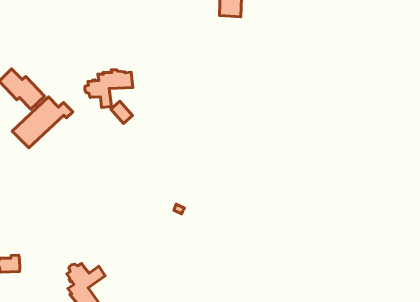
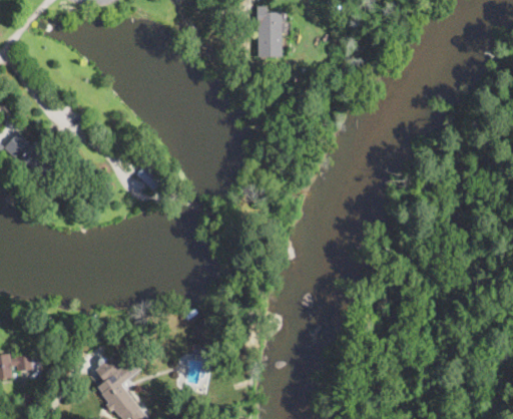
building: [85,70,133,108] -> none
building: [12,97,73,148] -> none

